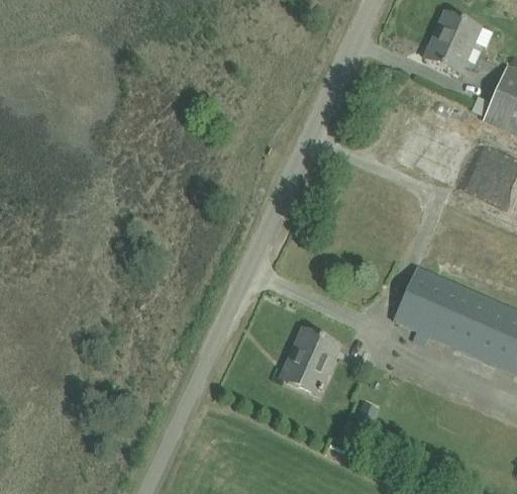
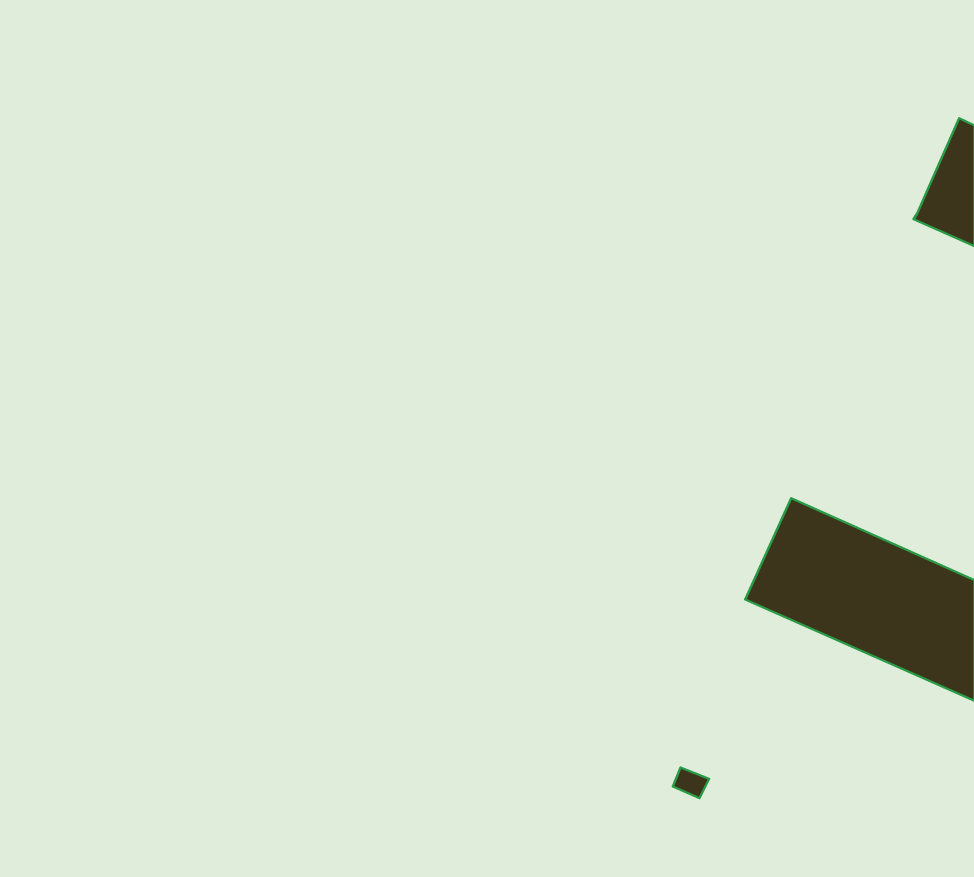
building: [425,11,481,73] -> none
building: [282,328,340,394] -> none

